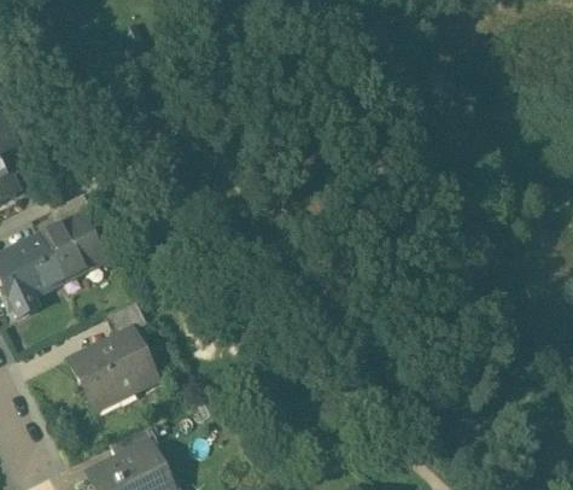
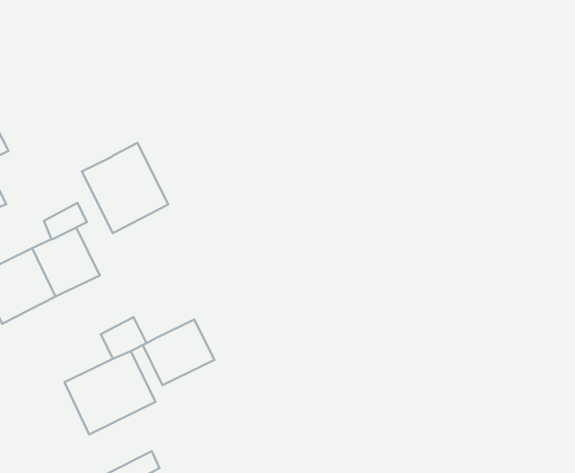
building: none -> [82,143,168,233]
building: none -> [143,319,215,385]

